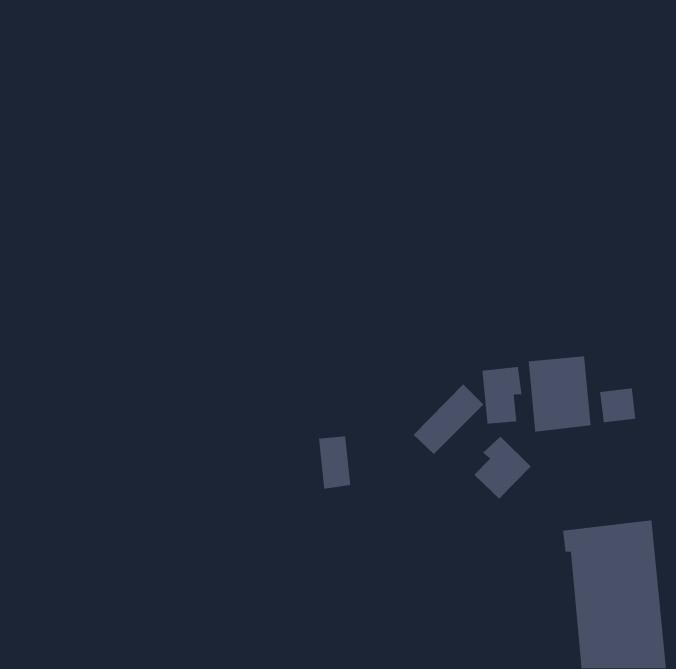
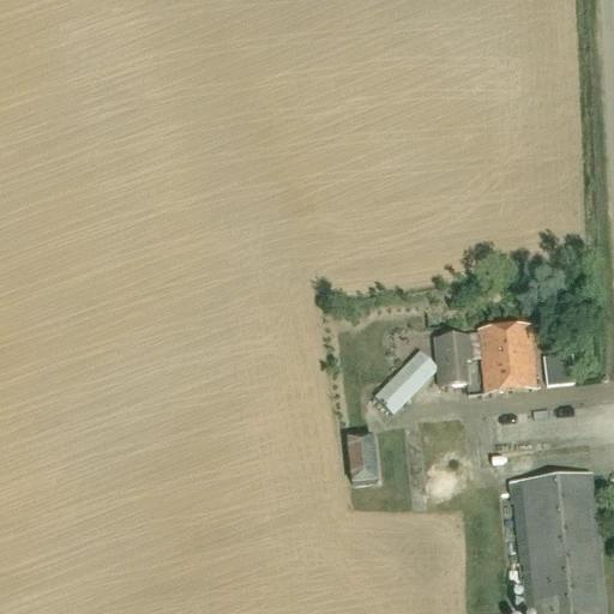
building: [318,435,351,490] -> [347,433,377,482]
building: [473,436,532,500] -> none

